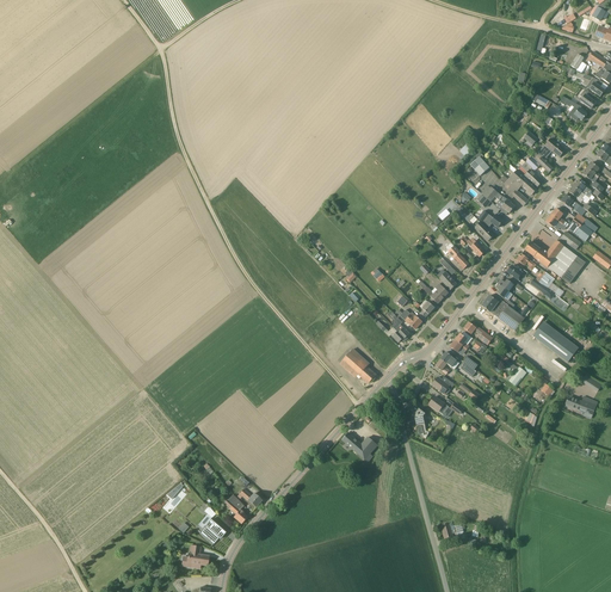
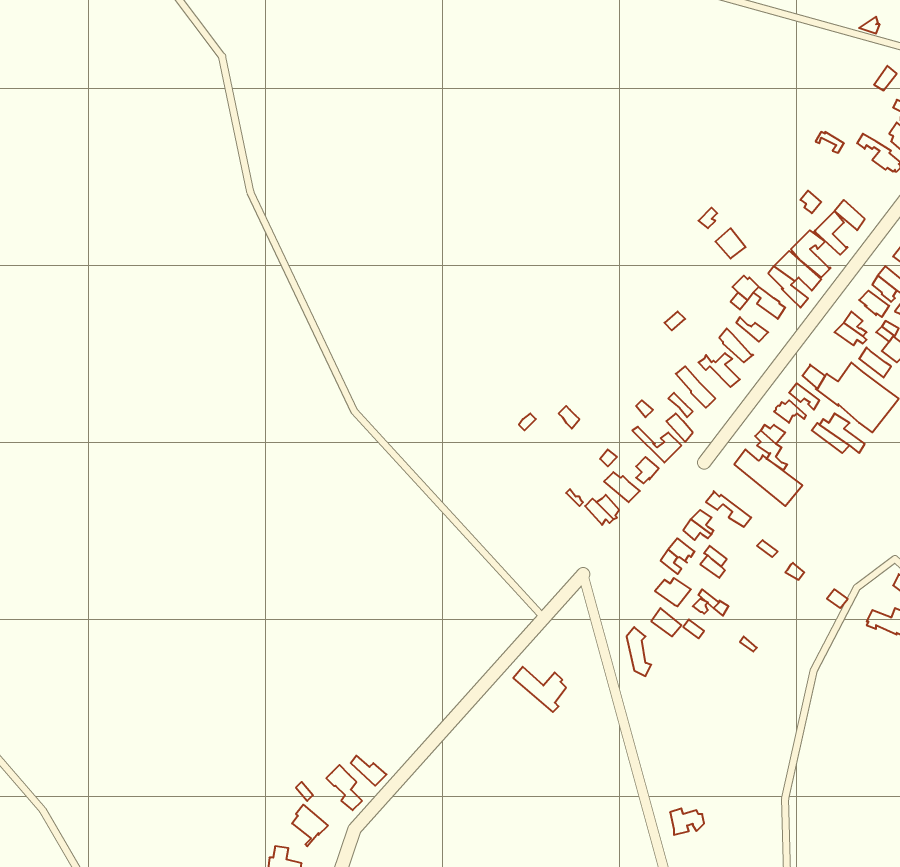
building: [531,321,578,362] -> none
building: [340,346,376,381] -> none

